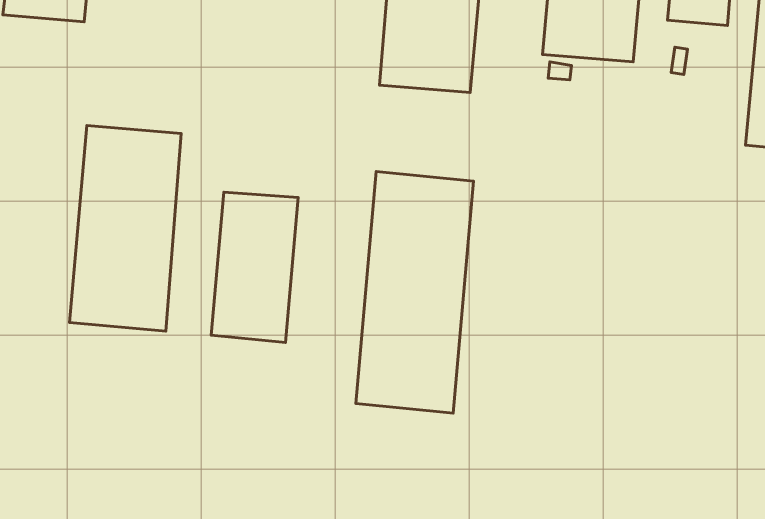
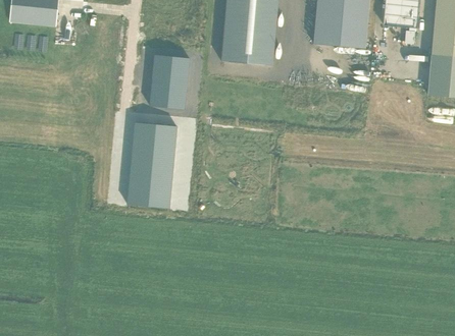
building: none -> [150,55,189,109]
building: [70,125,181,331] -> none
building: [356,171,474,413] -> none

